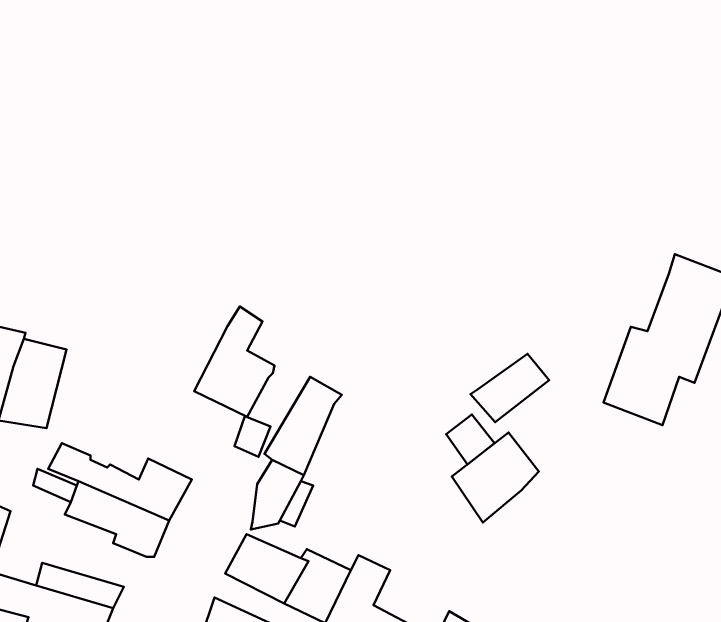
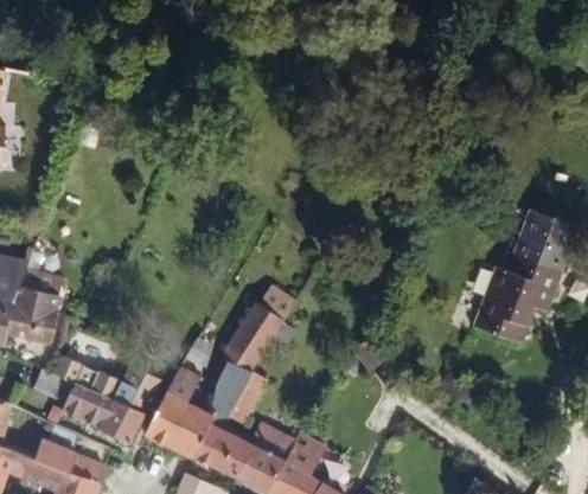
building: [194,307,275,417] -> [146,366,209,453]
building: [471,354,549,422] -> none
building: [452,432,539,522] -> none

